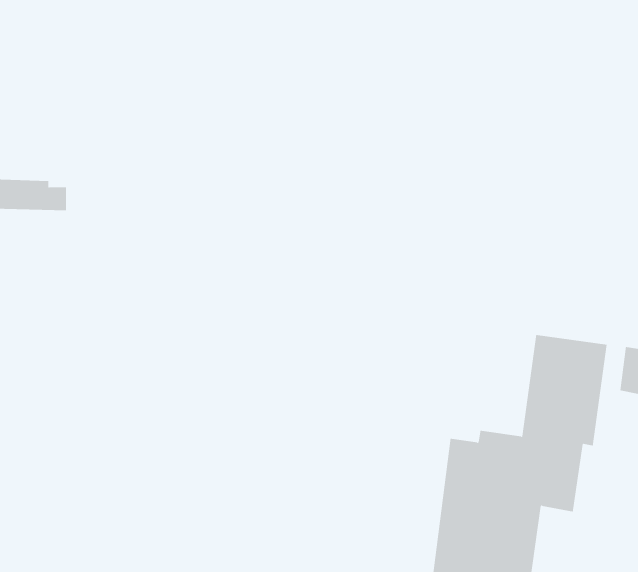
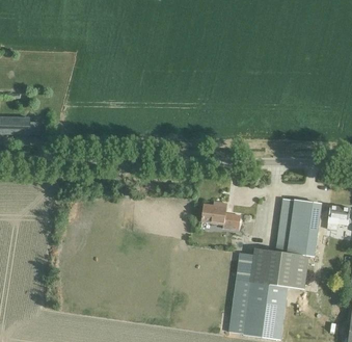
building: none -> [200,202,241,229]

